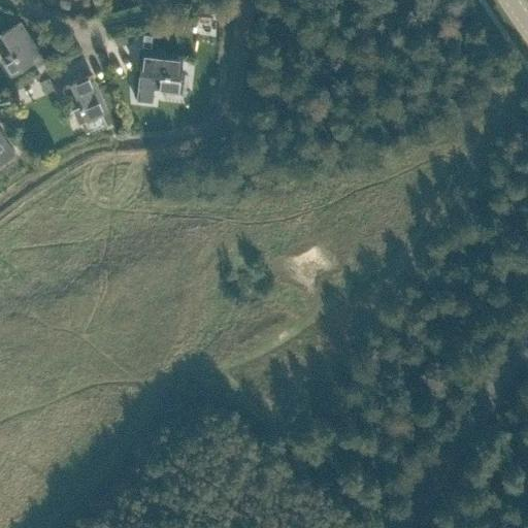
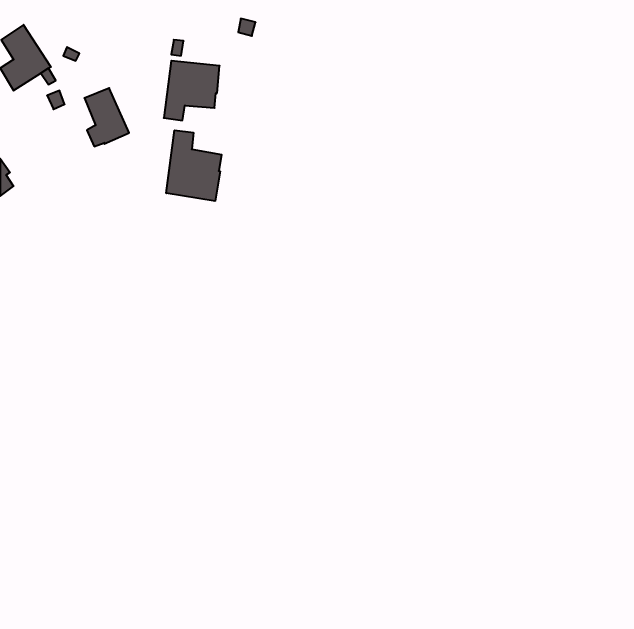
building: none -> [166,130,222,201]

